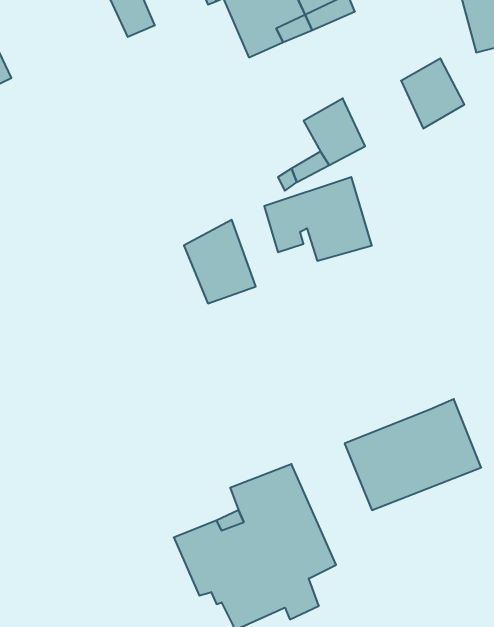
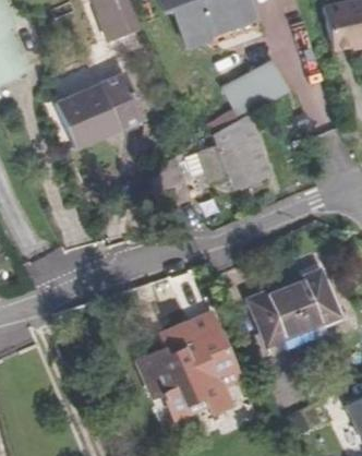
building: [401,58,464,129] -> [246,64,287,109]
building: none -> [56,70,142,144]

